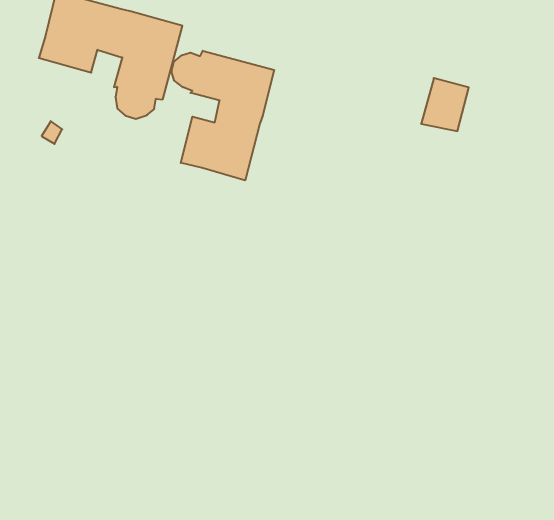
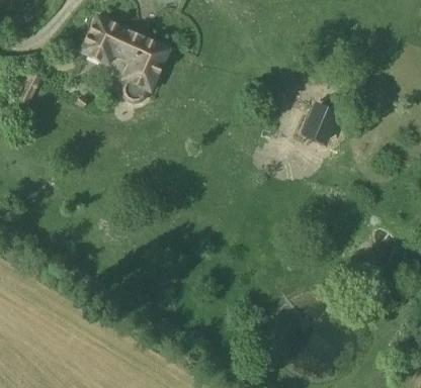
building: [172,51,274,180] -> none

